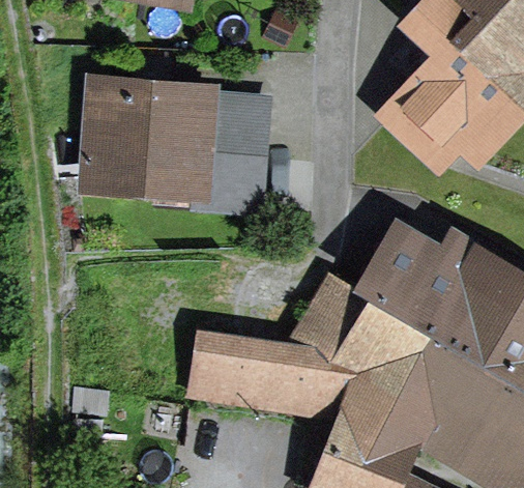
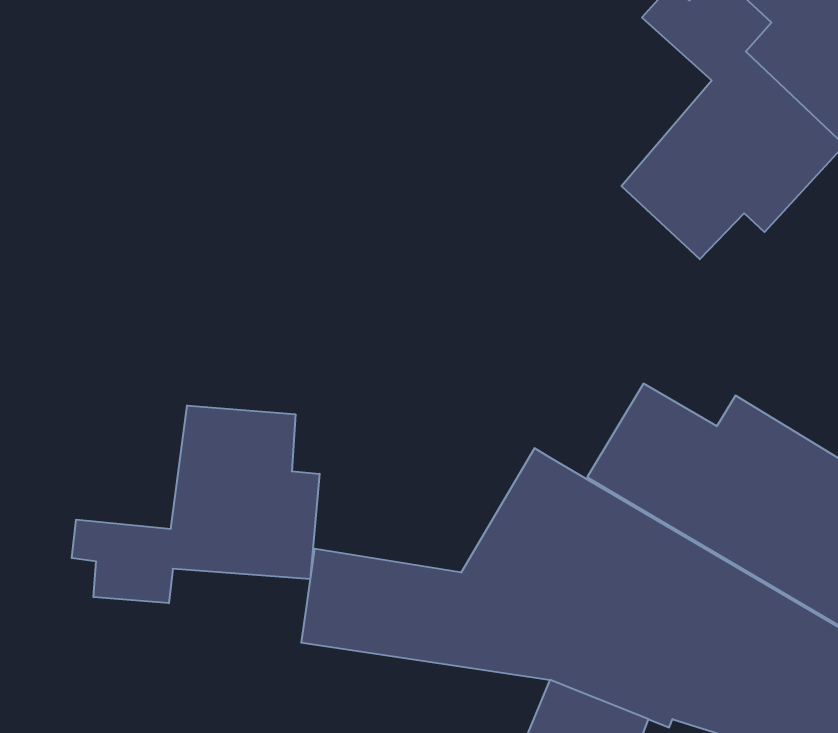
building: [90,88,263,208] -> none
building: none -> [72,405,320,603]

